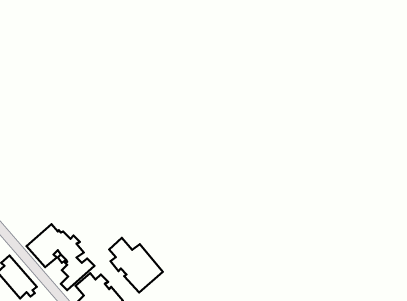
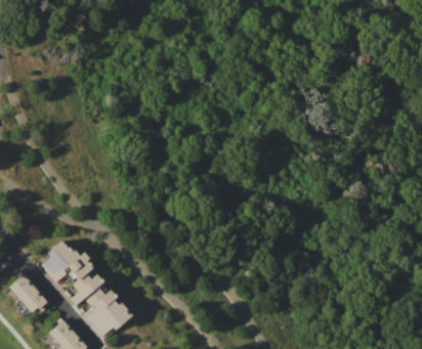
building: [109,238,163,293] -> none

